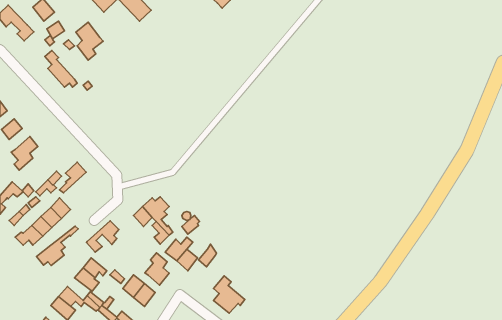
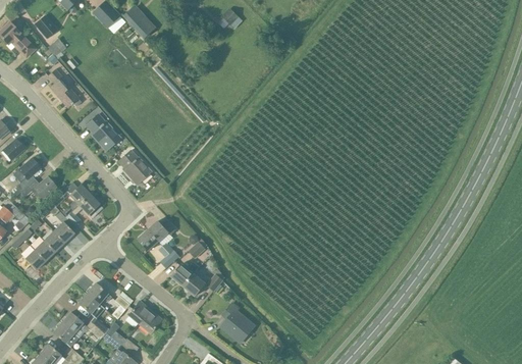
building: [76,22,103,60] -> none
building: none -> [86,113,120,150]
building: none -> [118,149,157,184]
building: none -> [20,176,56,199]
building: [86,221,119,252] -> [65,194,99,226]
building: [37,226,78,266] -> none
building: [145,253,169,285] -> none

